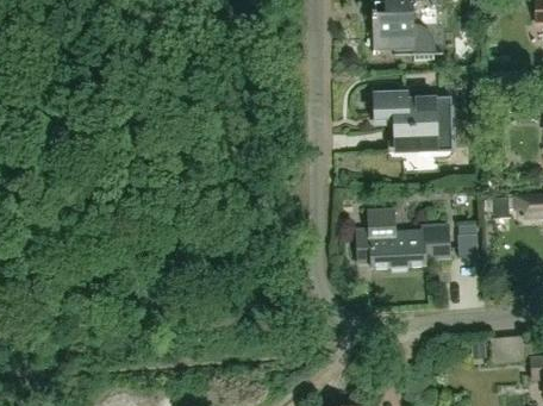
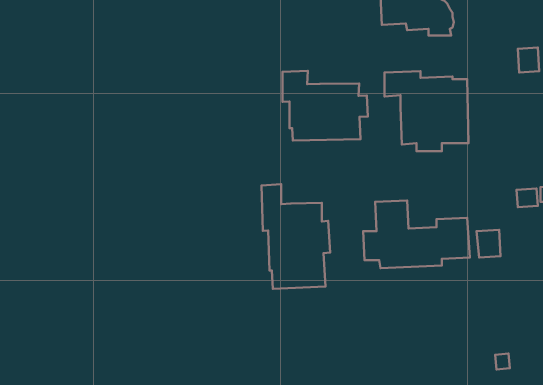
building: none -> [283,71,368,140]
building: none -> [261,184,330,289]

